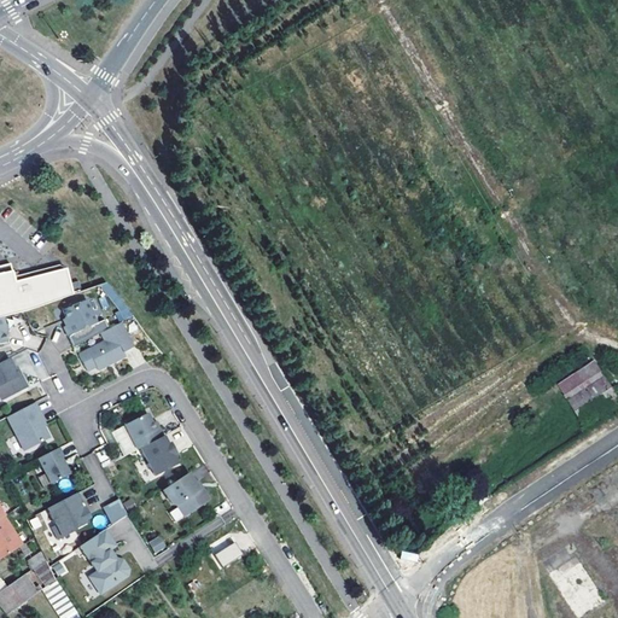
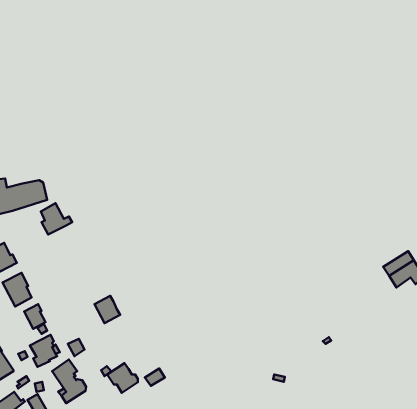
building: [78,322,133,369] -> none
building: [126,412,164,449] -> none
building: [162,473,206,517] -> [107,363,138,393]

